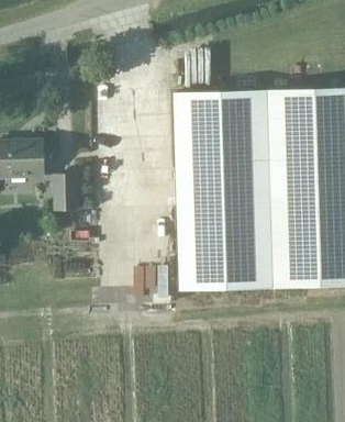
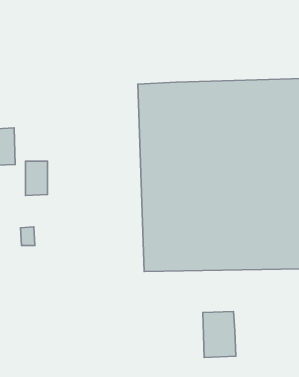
building: none -> [203,311,236,358]

